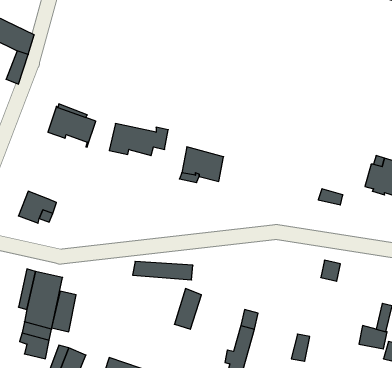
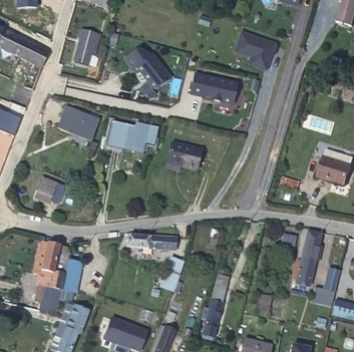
building: none -> [233,28,276,69]
building: none -> [73,30,100,65]
building: none -> [121,40,169,87]
building: none -> [187,69,236,102]
building: none -> [296,231,322,284]

